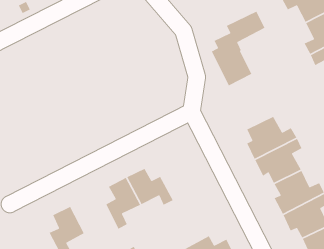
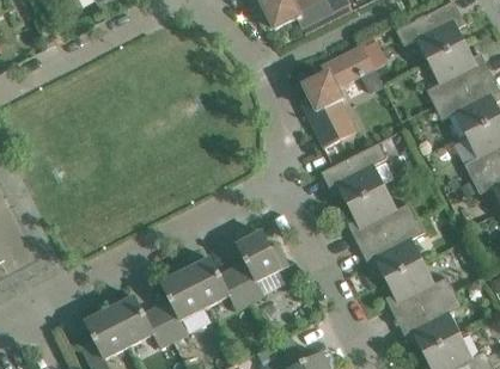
building: none -> [319,141,385,204]
building: none -> [231,230,287,301]
building: none -> [109,295,173,346]

